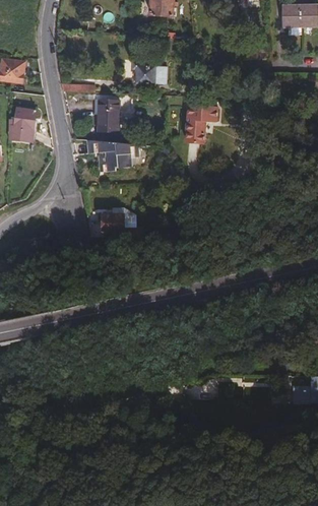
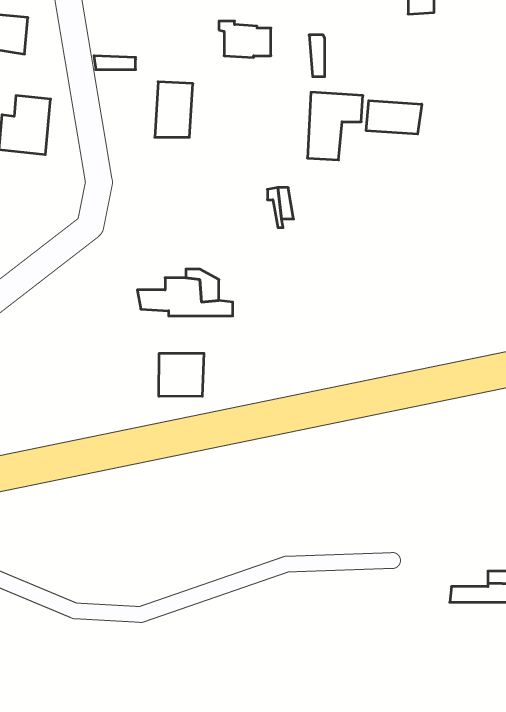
building: none -> [366,101,422,134]
building: [87,139,134,172] -> none
building: none -> [159,353,204,396]

